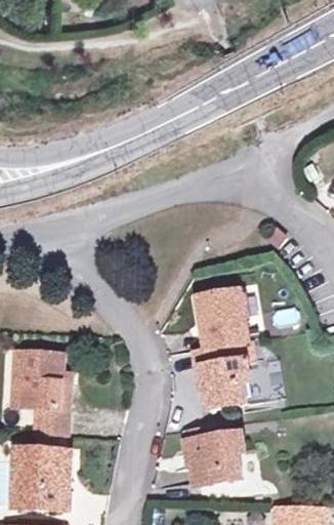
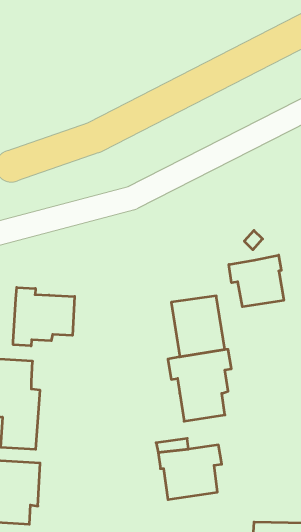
building: none -> [229,255,284,307]
building: none -> [13,287,75,346]

